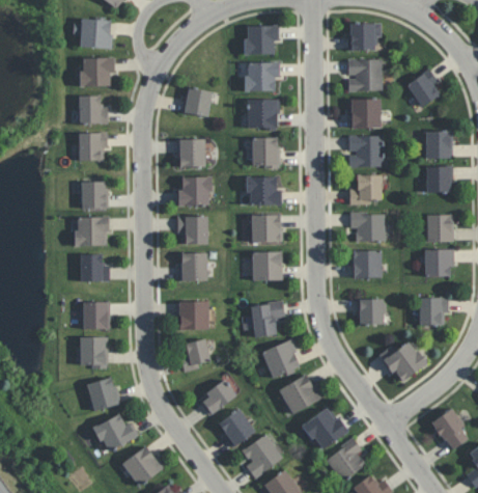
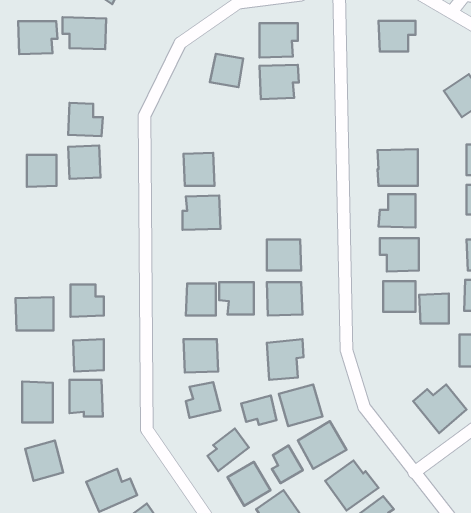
building: [80,57,114,86] -> [18,21,57,54]
building: [347,59,382,91] -> none
building: [182,87,212,116] -> [210,54,243,87]
building: [349,98,379,128] -> none
building: [247,99,278,128] -> none
building: [251,137,278,166] -> none
building: [247,175,281,206] -> none
building: [81,181,107,209] -> [27,155,56,187]
building: [75,216,108,245] -> [15,297,53,330]
building: [177,216,207,244] -> [219,282,254,314]
building: [358,298,384,324] -> [419,294,449,323]
building: none -> [22,381,53,423]
building: none -> [241,395,276,425]
building: [86,376,119,411] -> [25,440,63,481]
building: none -> [272,446,303,483]

